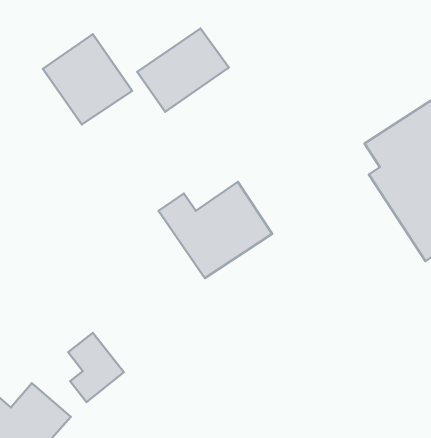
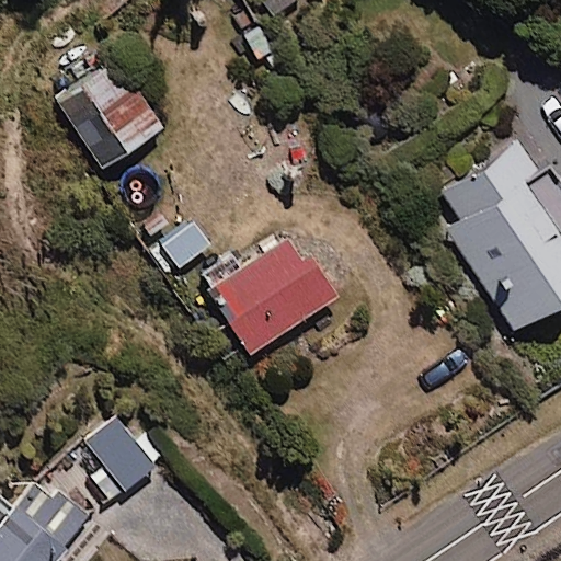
building: [137,28,229,112] -> none

